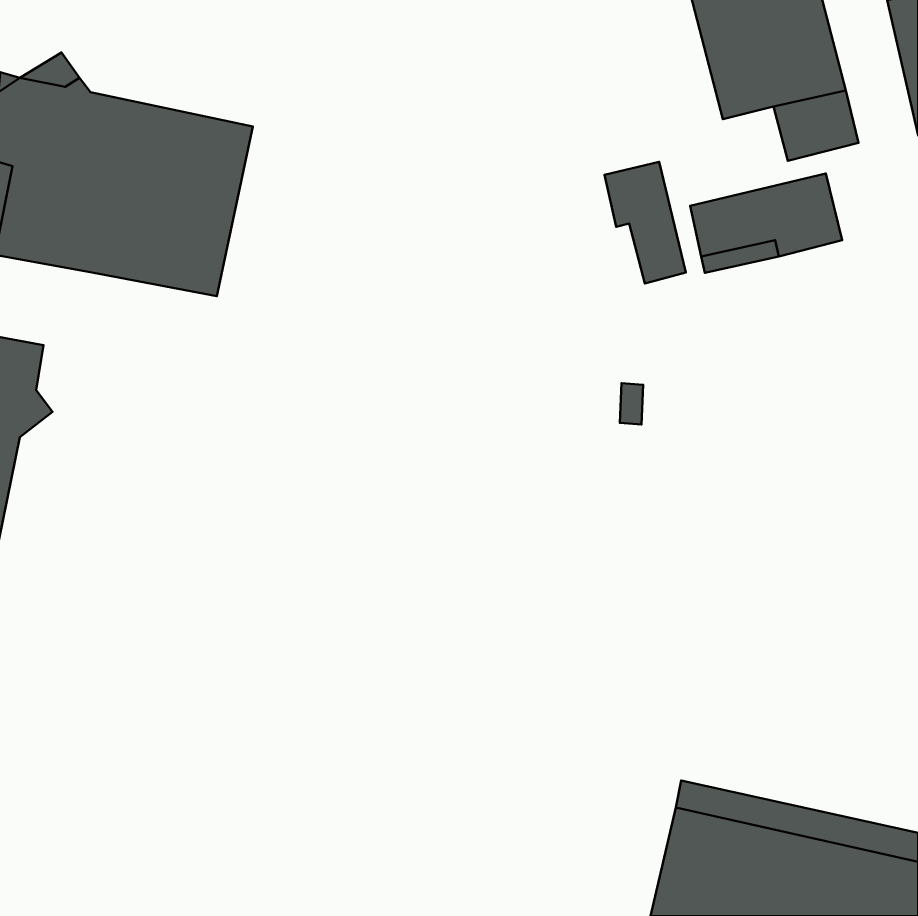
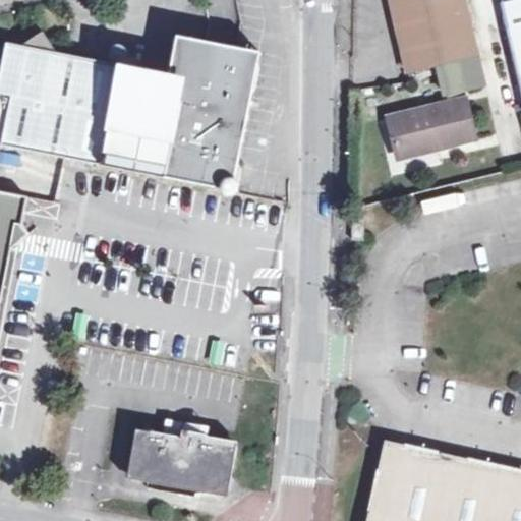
building: none -> [122,37,256,188]
building: [604,162,686,283] -> none
building: none -> [128,418,237,496]

